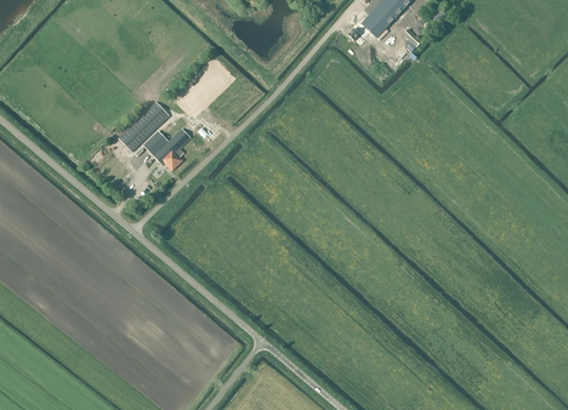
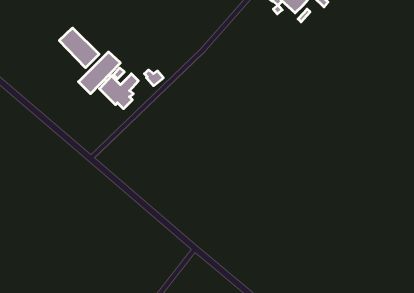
building: none -> [59,28,99,68]

